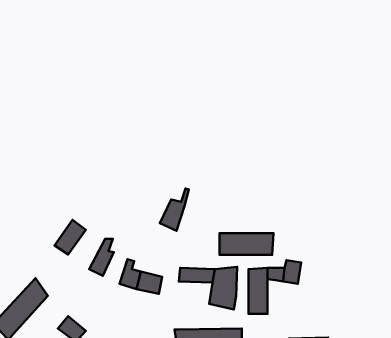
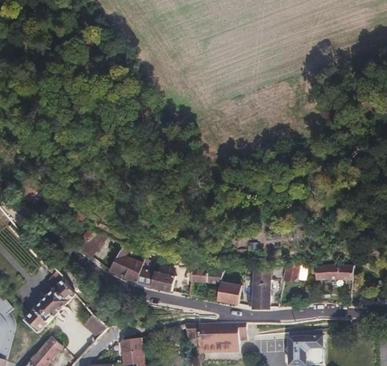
building: [160,188,189,231] -> [123,246,149,284]
building: [220,233,274,255] -> none
building: none -> [312,266,353,281]

